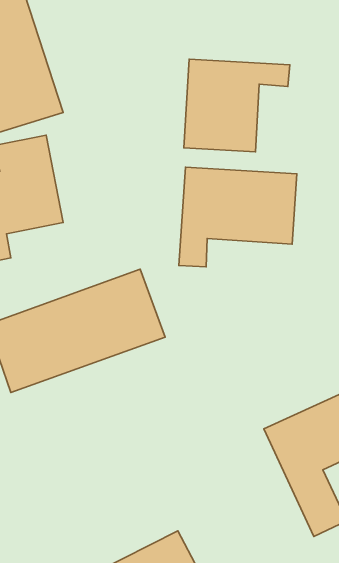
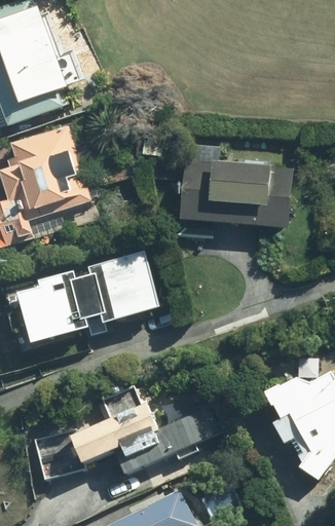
building: [184,59,290,152] -> none
building: none -> [29,376,223,480]

